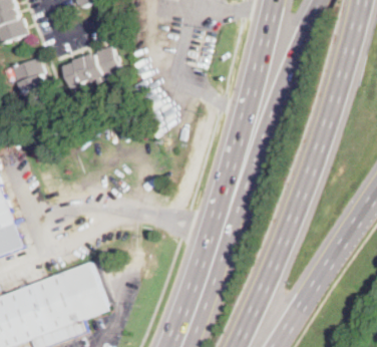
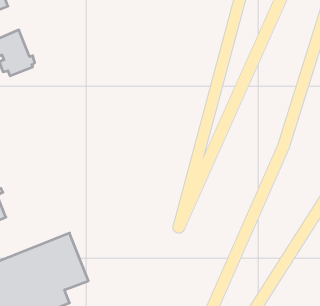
building: [61,45,119,92] -> none

